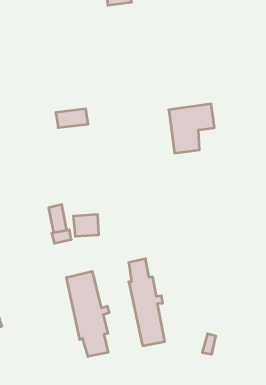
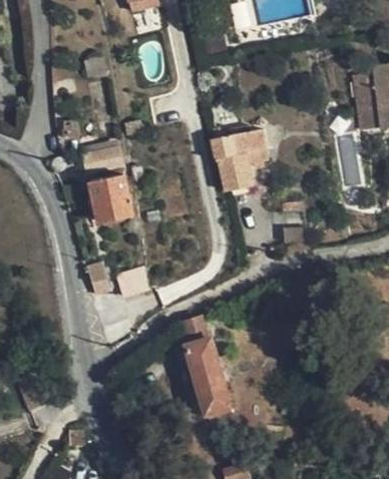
building: none -> [89,174,132,221]
building: [66,271,109,357] -> none

